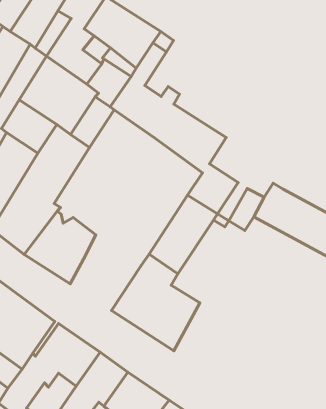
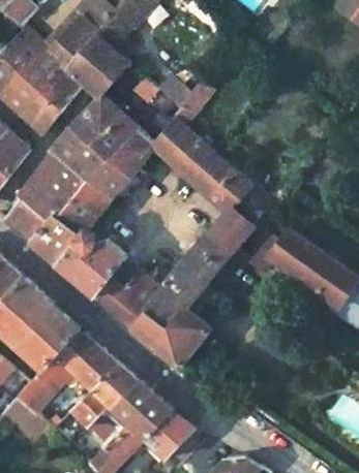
building: none -> [95,271,160,326]

